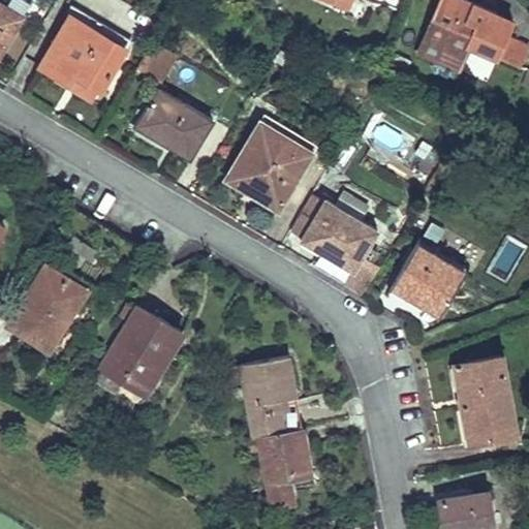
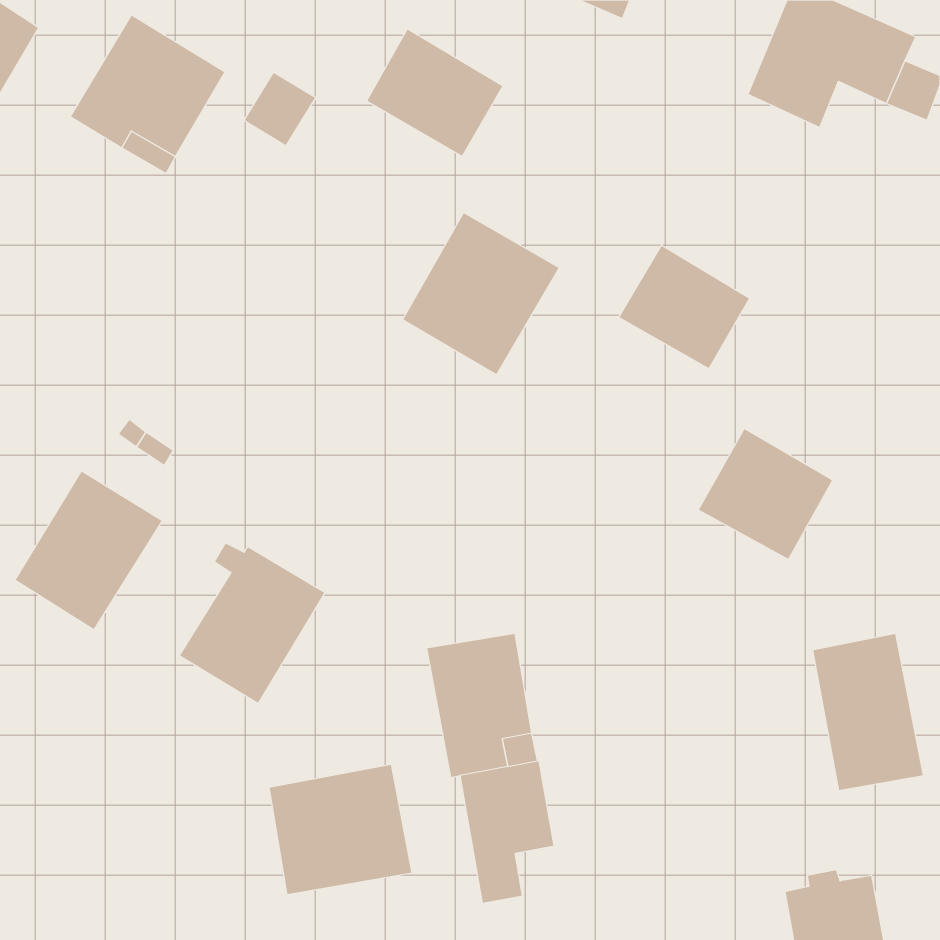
building: [135,89,212,160] -> [367,29,503,156]
building: [302,201,375,271] -> [619,245,750,369]
building: none -> [269,764,412,895]

